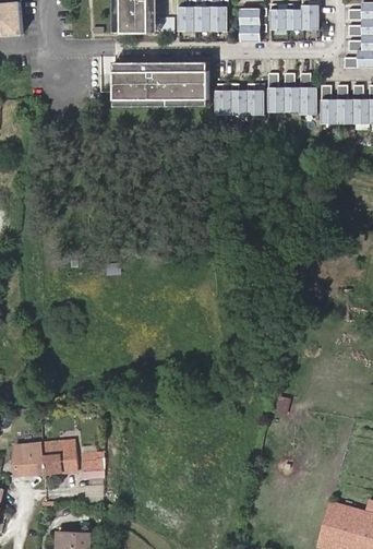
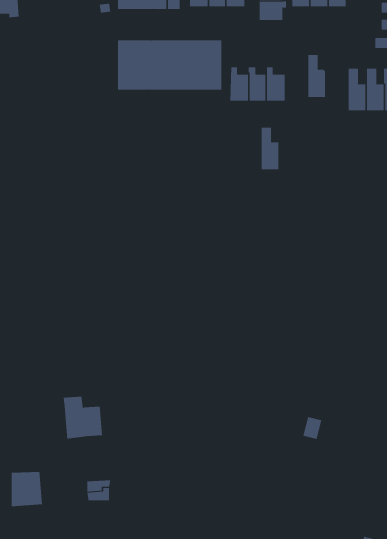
building: [264,72,280,110] -> [261,127,279,170]
building: [296,72,313,112] -> none
building: [40,435,76,474] -> [63,396,103,439]

